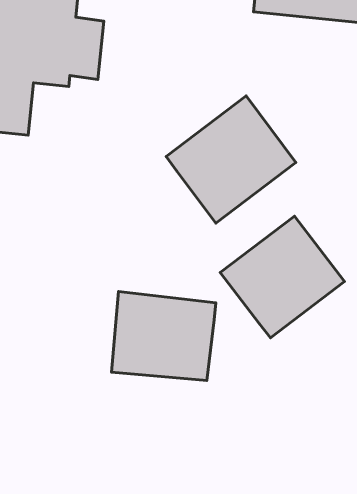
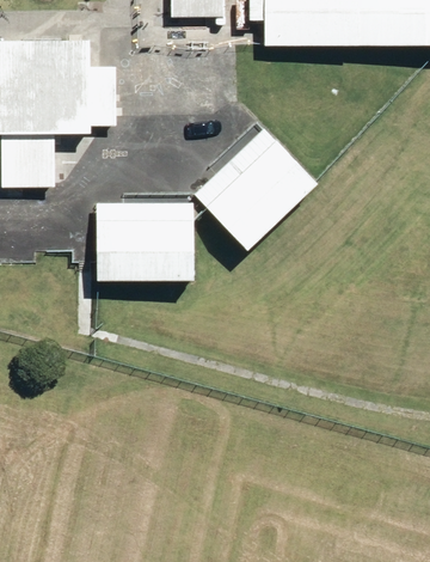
building: [220,216,345,338] -> none
building: [112,292,216,381] -> [94,201,190,280]

